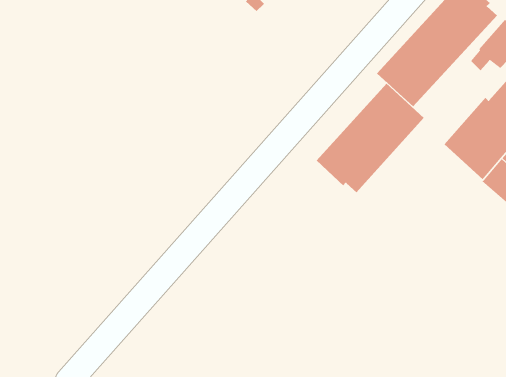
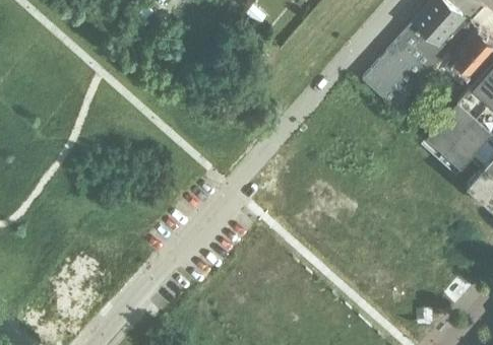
building: [316,83,424,193] -> none

